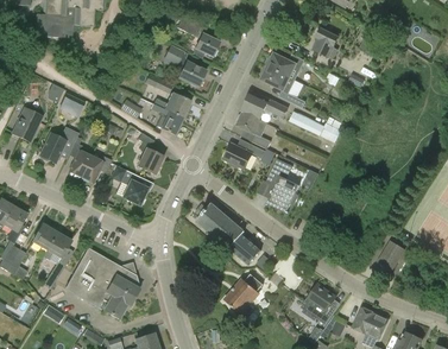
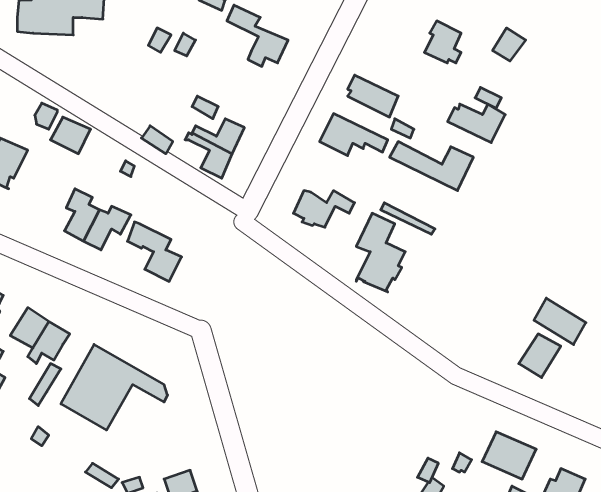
building: [164,46,206,88] -> none
building: [265,53,304,80] -> [448,104,505,143]
building: [235,110,271,148] -> none
building: [39,128,77,163] -> none
building: [138,133,163,174] -> none
building: [196,203,260,264] -> none
building: none -> [534,298,586,345]
building: [225,274,264,318] -> none
building: [96,275,139,319] -> none
building: [301,284,336,324] -> none

